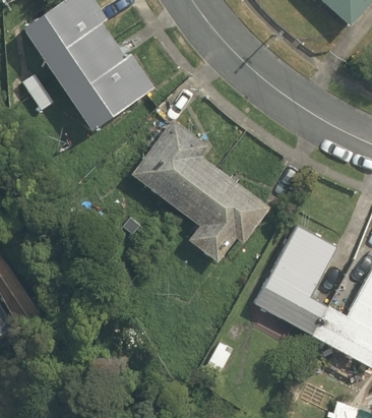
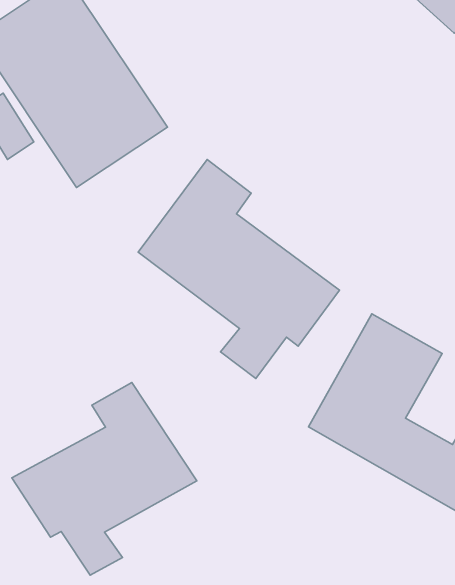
building: none -> [12,382,197,575]

